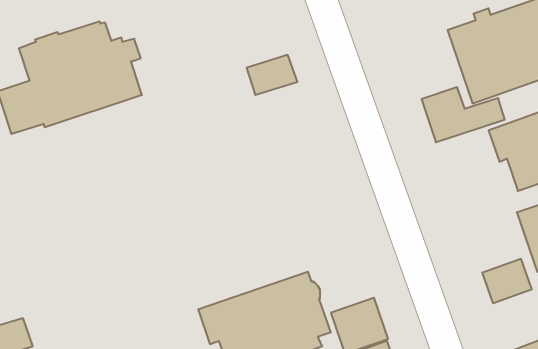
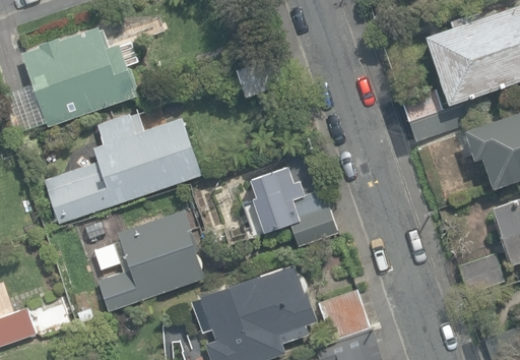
building: none -> [44,113,202,224]
building: none -> [252,168,338,246]
building: none -> [98,209,206,312]

